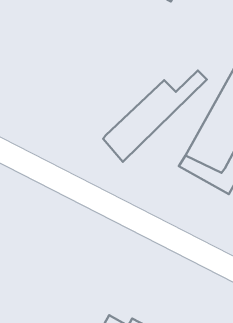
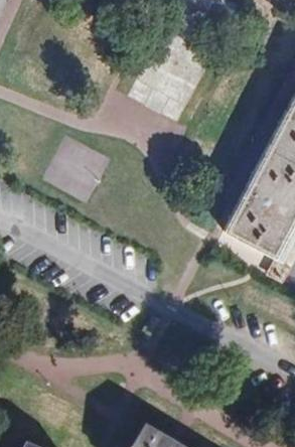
building: [103,70,207,162] -> none

